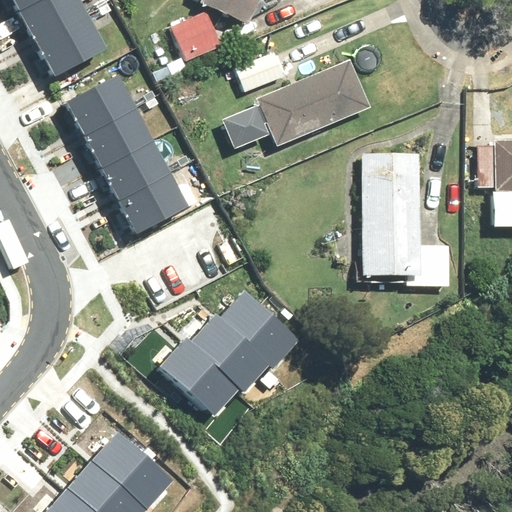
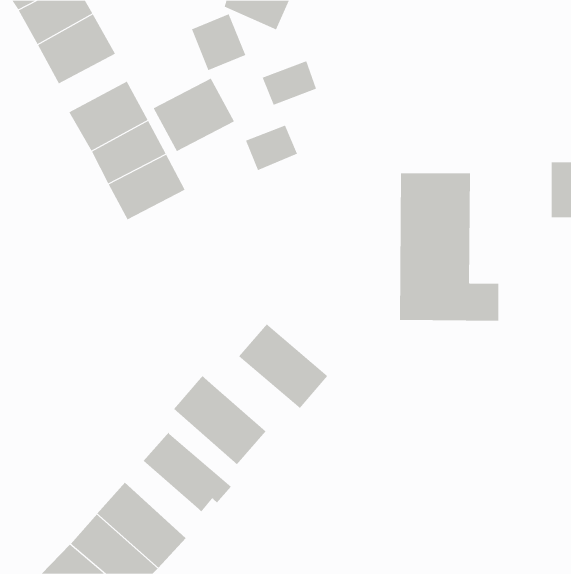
building: [258,62,370,146] -> none
building: [116,169,189,235] -> [153,78,235,152]
building: [191,315,270,387] -> [143,432,232,513]

